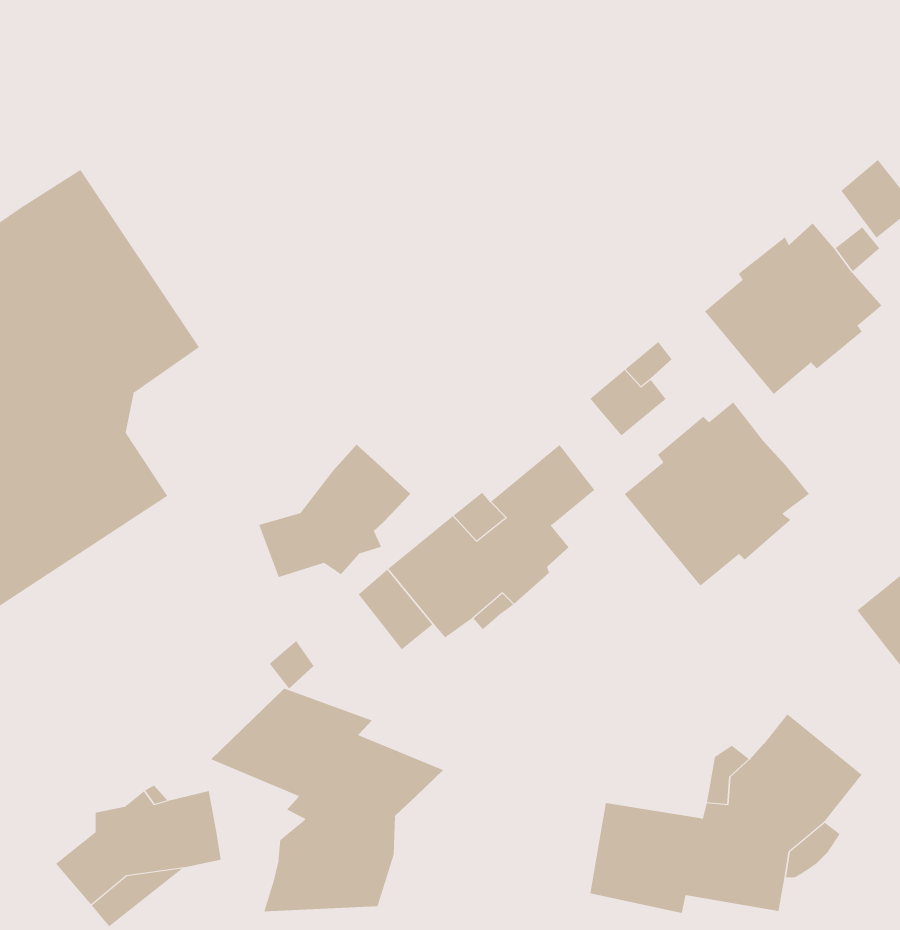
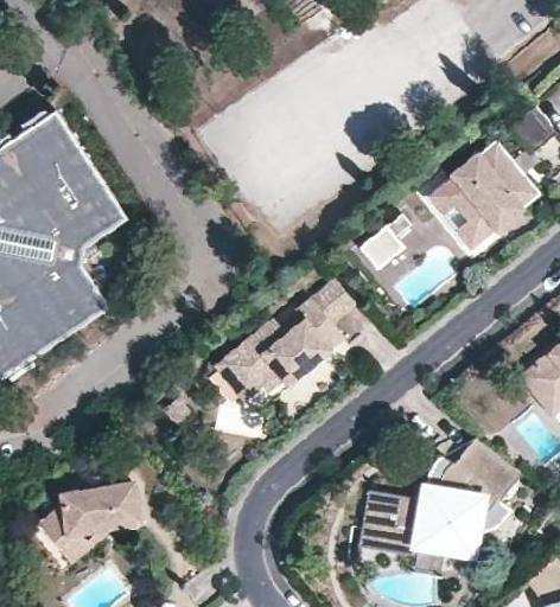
building: [624,401,810,587] -> none
building: [259,444,411,578] -> none
building: [210,688,444,912] -> none

